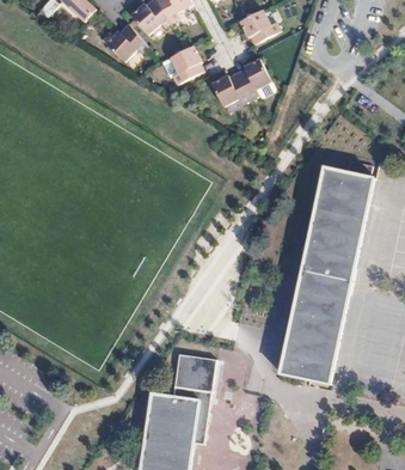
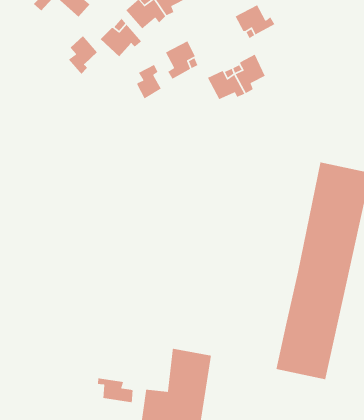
building: none -> [68,35,98,75]
building: none -> [136,64,162,100]
building: none -> [97,377,133,403]

